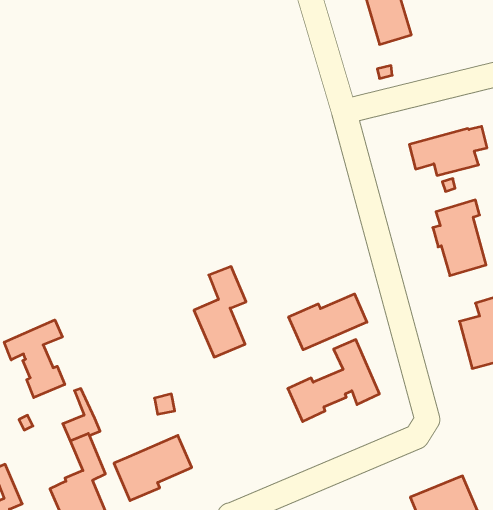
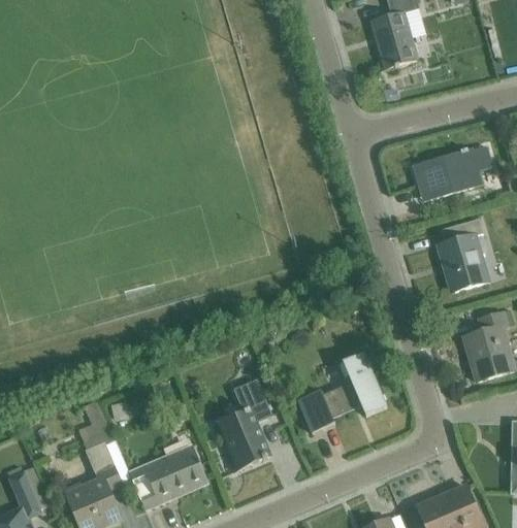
building: [194,267,246,357] -> [220,381,270,468]
building: [289,294,367,350] -> none
building: [4,320,65,398] -> none

